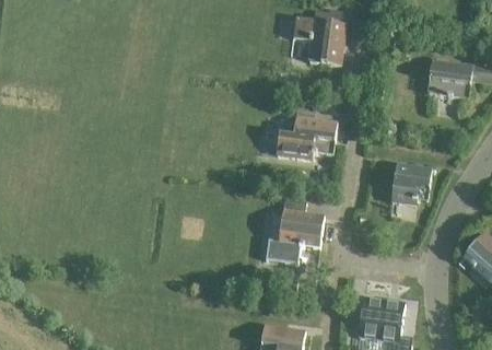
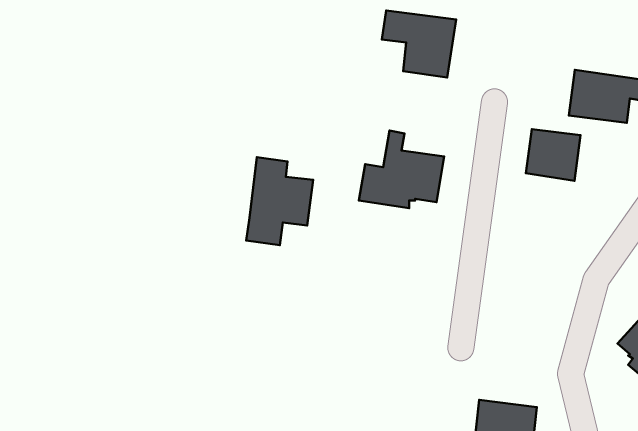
building: [393,163,432,200] -> [526,129,581,181]
building: [277,198,325,261] -> [246,157,313,245]

